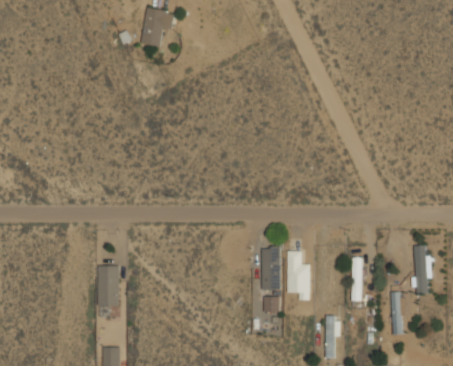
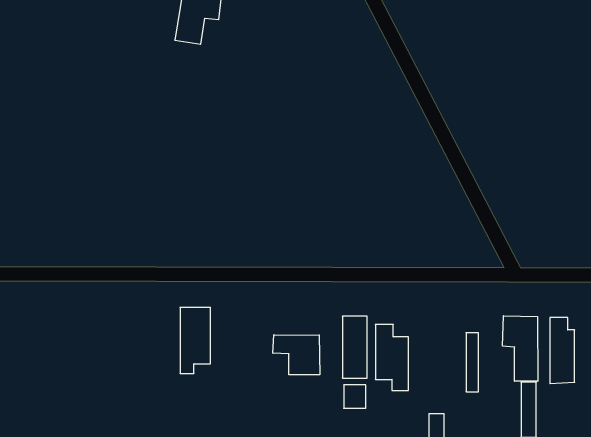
building: none -> [503,316,538,381]
building: none -> [273,335,320,375]
building: [97,264,119,312] -> [180,307,210,373]

